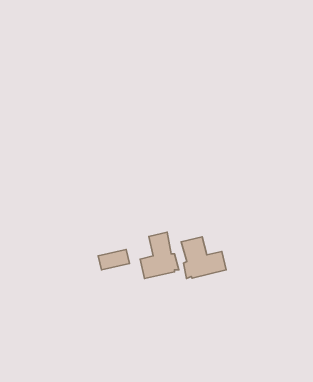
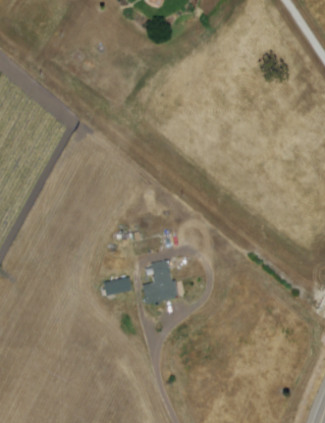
building: [181,237,226,279] -> none

